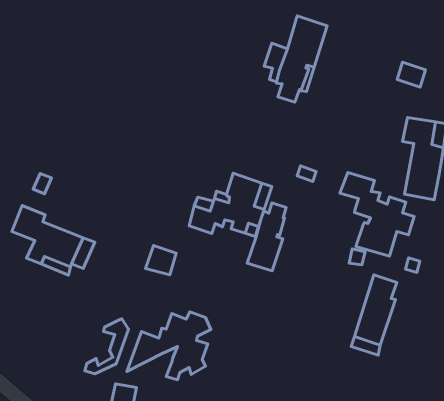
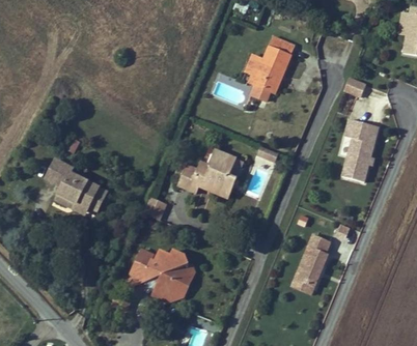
building: [340,173,414,256] -> none
building: [247,203,286,271] -> none
building: [85,319,128,374] -> [160,263,195,302]

